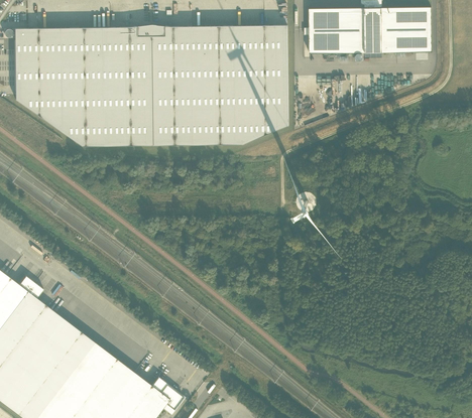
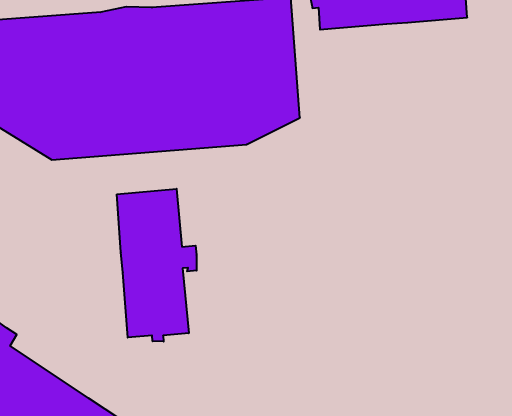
building: none -> [117,189,197,342]

